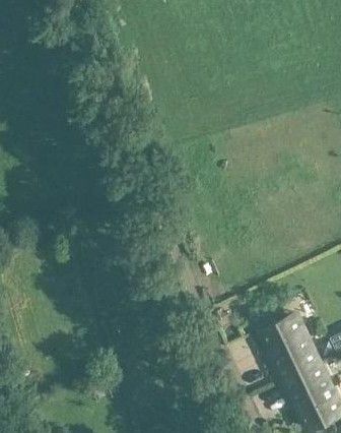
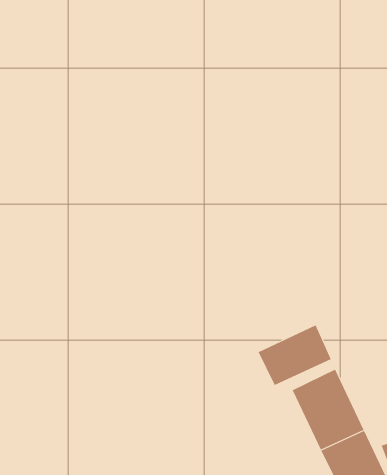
building: none -> [258,325,332,386]

